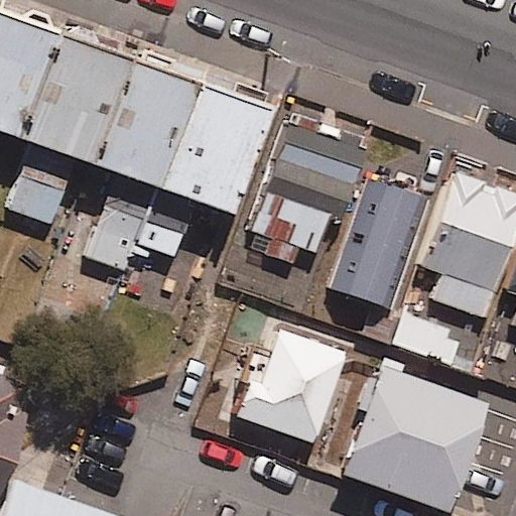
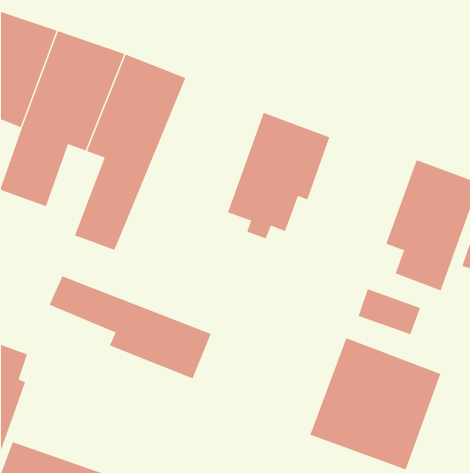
building: [141,86,280,258] -> none
building: [332,176,420,309] -> none
building: none -> [49,275,211,379]
building: [235,332,342,442] -> none

